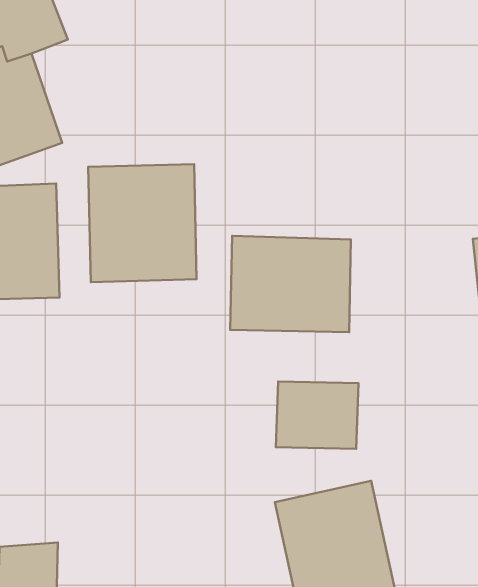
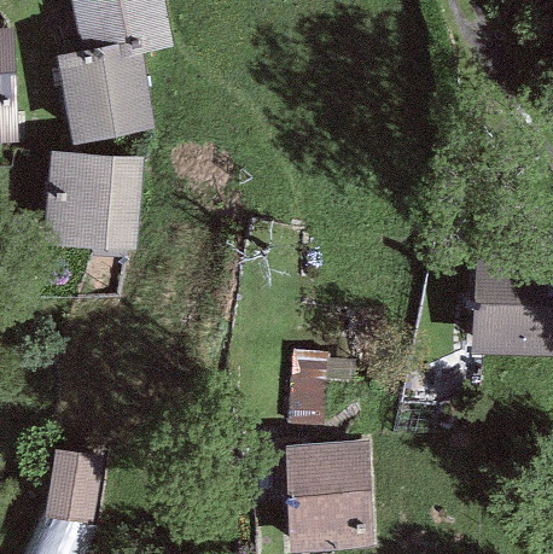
building: [88,164,197,282] -> none
building: [230,236,351,332] -> none

